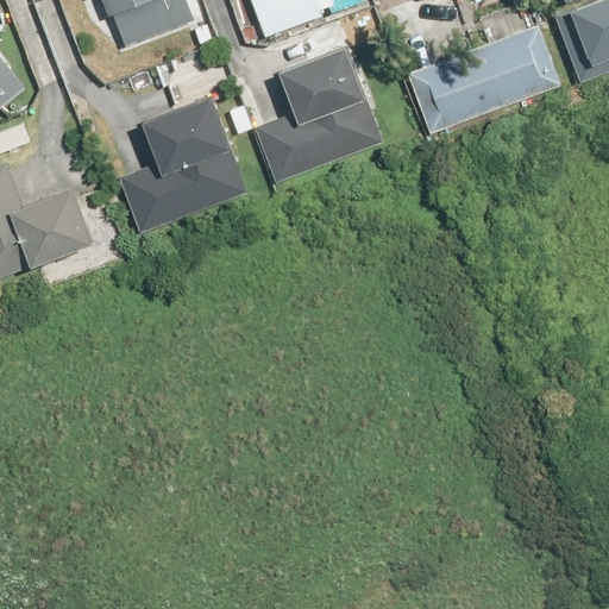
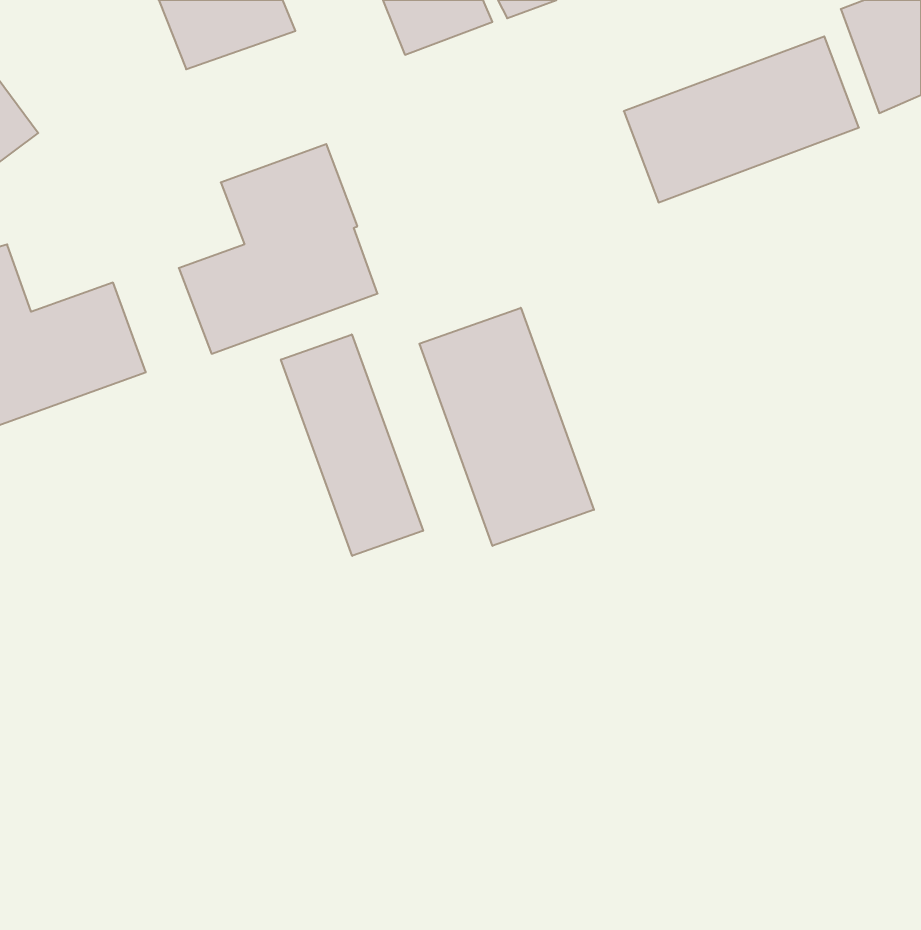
building: [252,46,382,182] -> none
building: none -> [419,308,594,546]
building: none -> [281,334,423,556]

